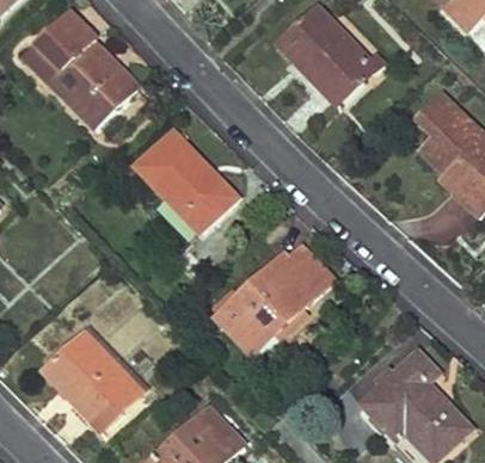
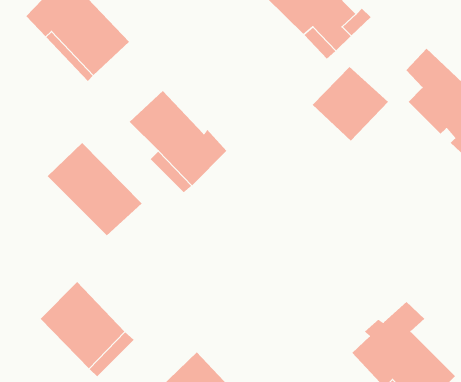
building: none -> [312,66,389,142]
building: none -> [47,142,142,236]
building: [221,246,336,352] -> none

